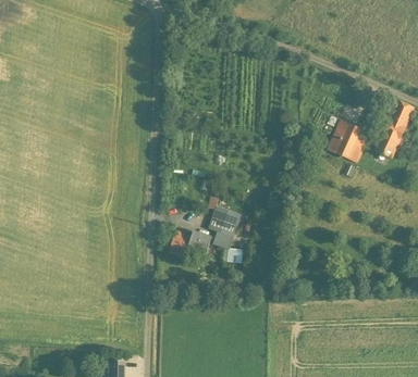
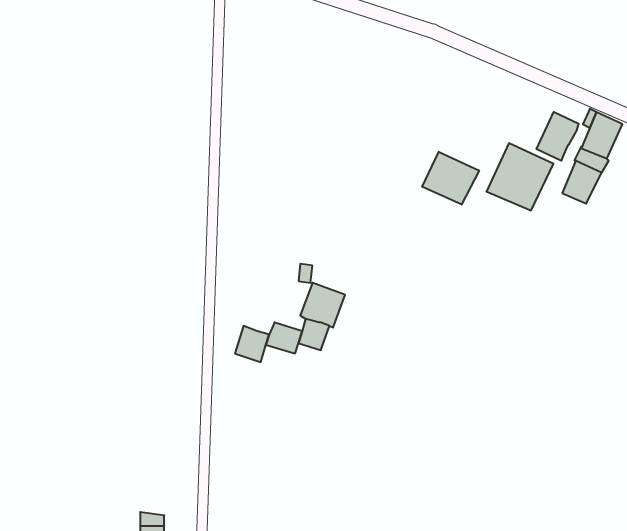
building: none -> [536,112,579,161]
building: none -> [422,152,479,205]

